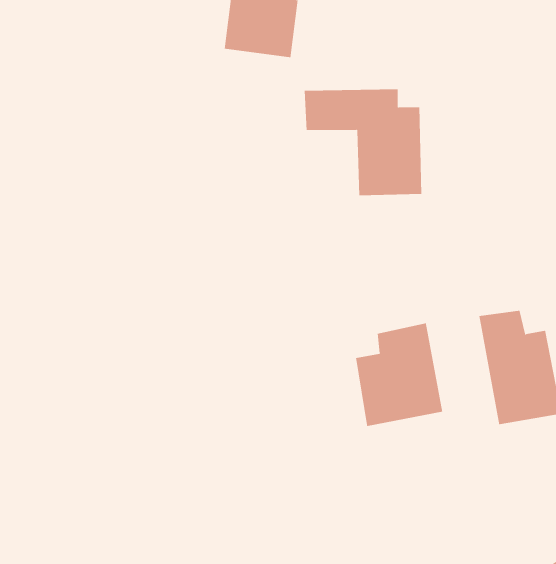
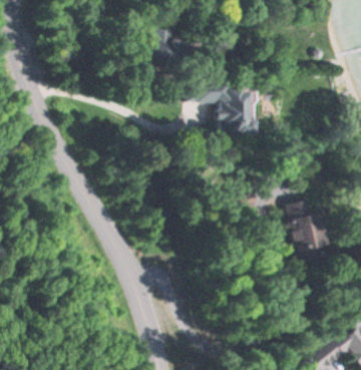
building: [355,322,443,427] -> none

